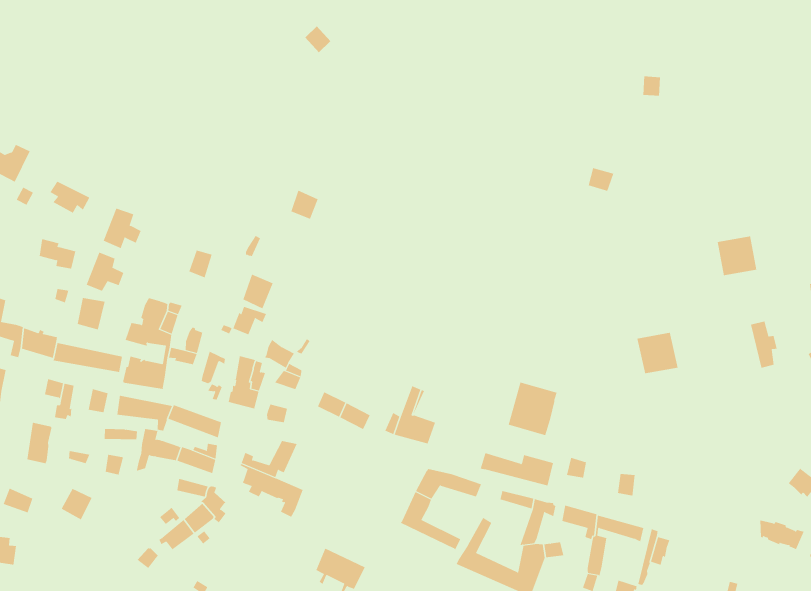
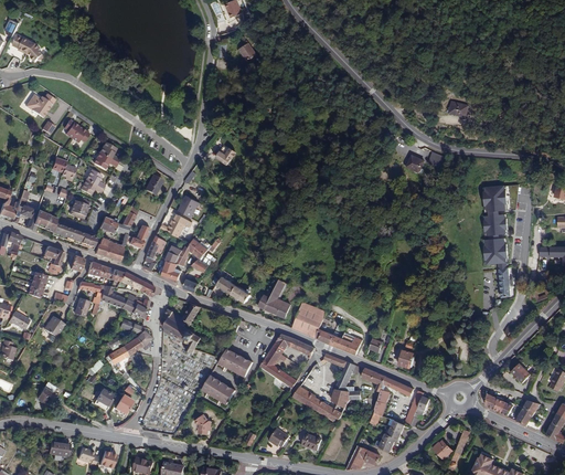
building: none -> [483,186,507,211]
building: [637,332,679,374] -> [482,239,507,263]
building: [508,382,558,436] -> [291,302,326,338]
building: none -> [217,348,250,379]

